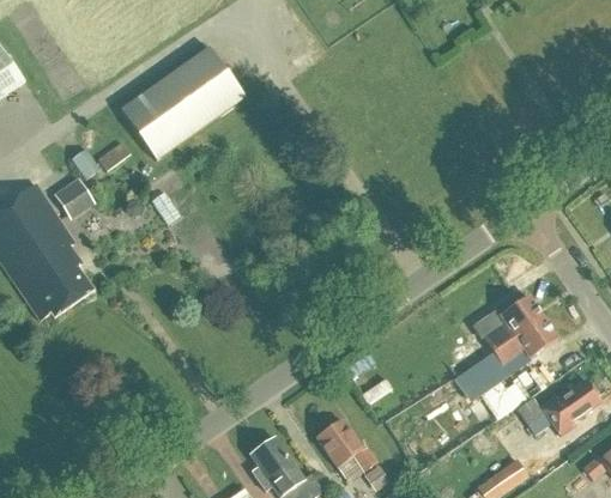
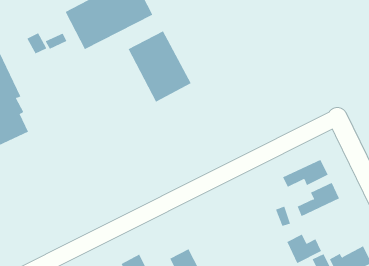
building: none -> [128,30,192,103]
building: [53,180,93,221] -> none
building: [492,316,557,363] -> [282,159,329,187]

